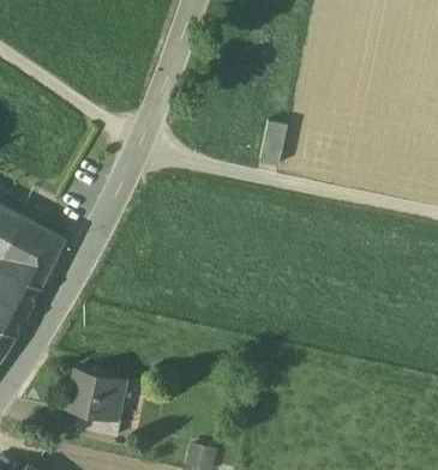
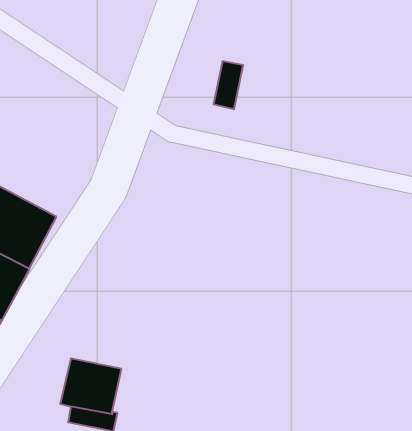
building: [260,121,288,165] -> [213,61,243,109]

